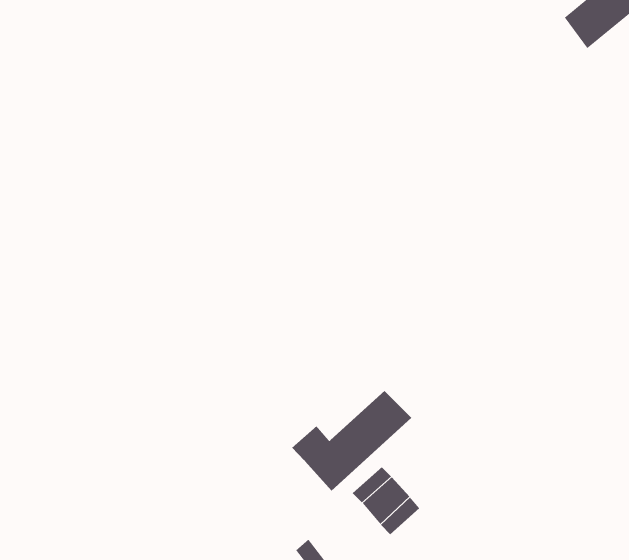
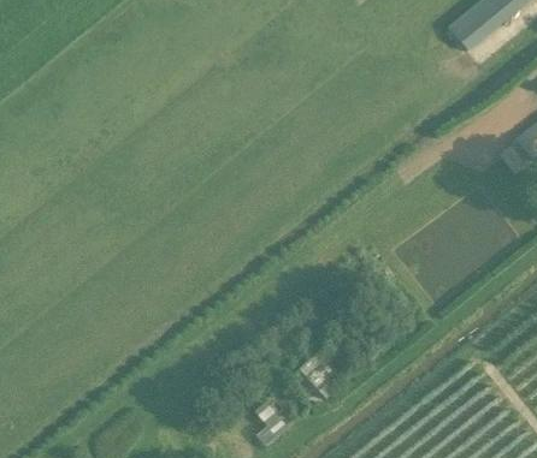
building: [291,390,412,492] -> none

